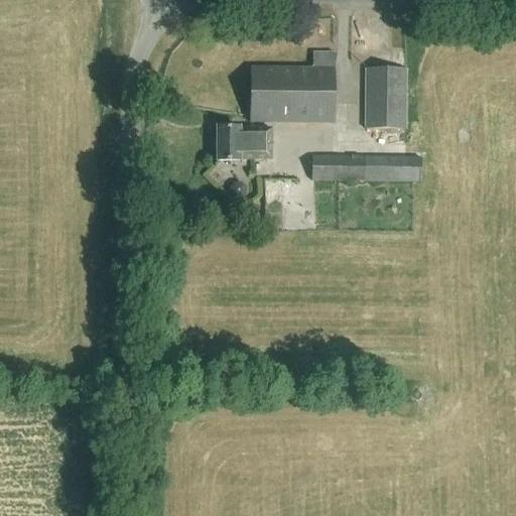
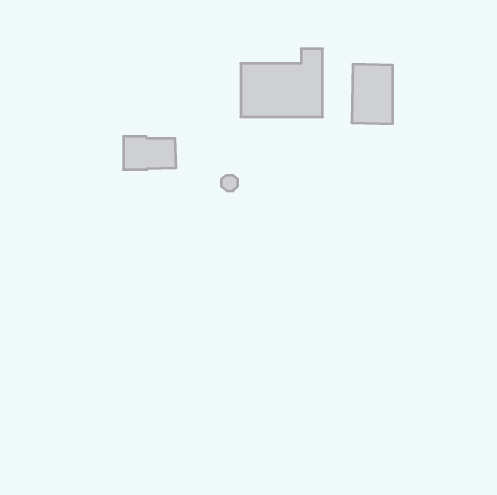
building: [218,125,272,159] -> [123,136,176,170]
building: [312,154,421,180] -> none

